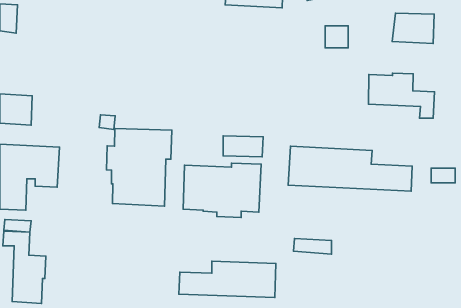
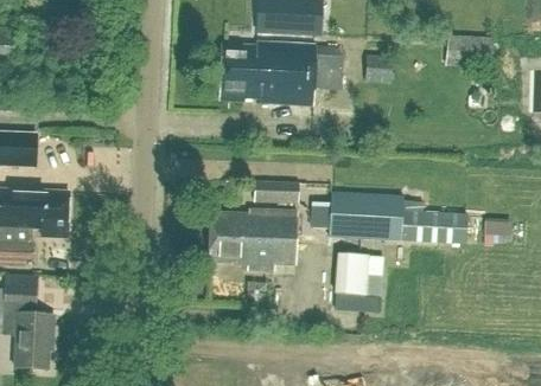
building: none -> [221,40,342,105]
building: [368,73,434,118] -> none
building: [107,128,172,206] -> none
building: none -> [336,252,368,294]
building: [179,261,276,298] -> none

